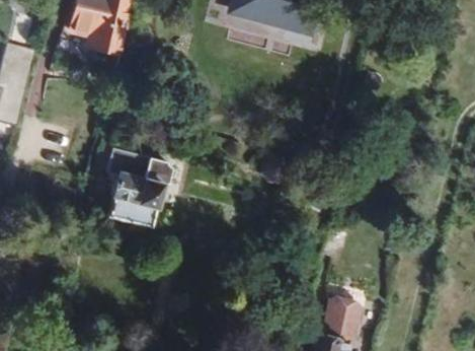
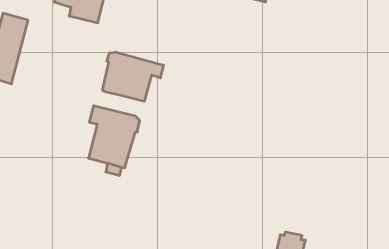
building: none -> [103,52,164,101]

